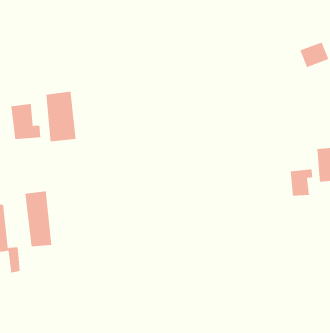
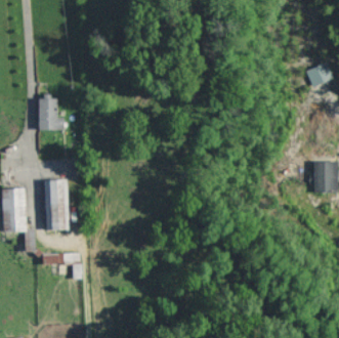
building: [46,91,76,142] -> none
building: [290,169,313,197] -> none

